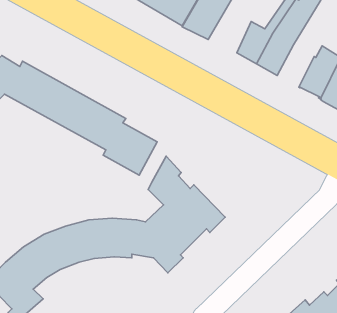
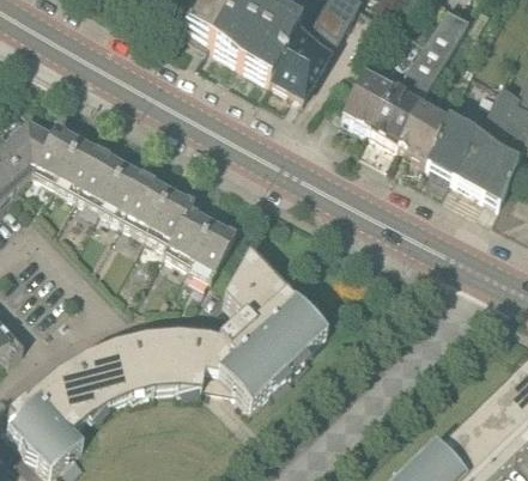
building: none -> [396,102,445,158]

